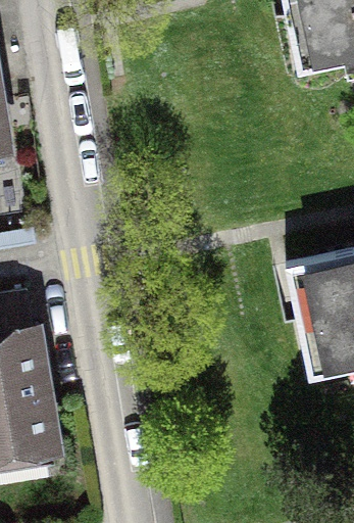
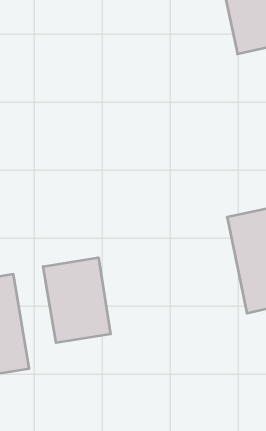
building: none -> [43,258,111,343]

